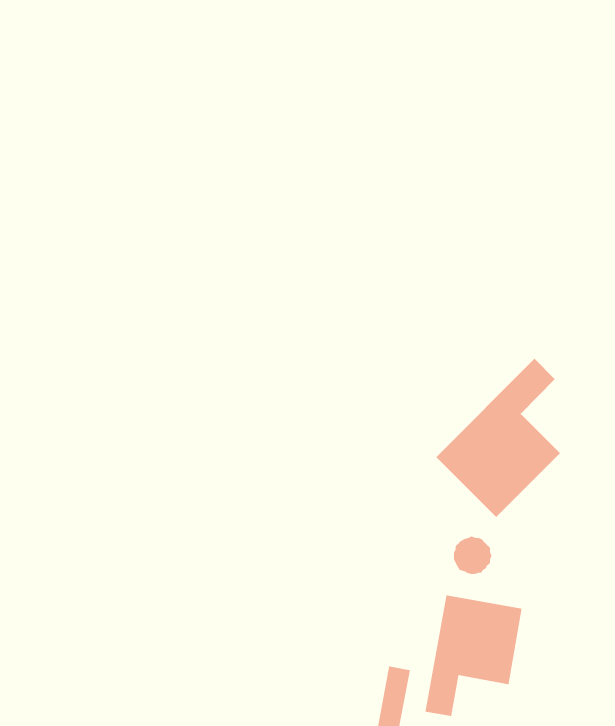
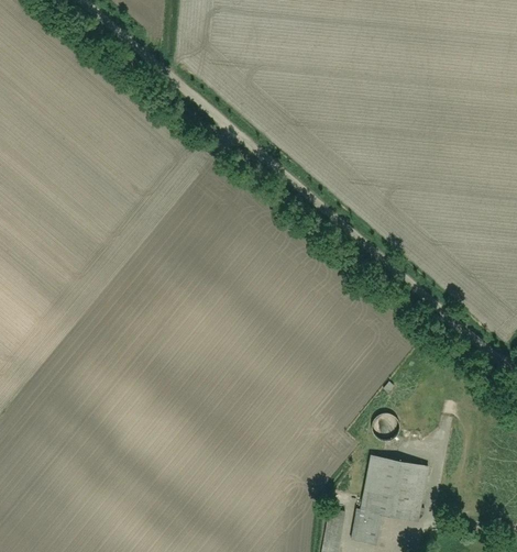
building: [435,358,561,518] -> none

